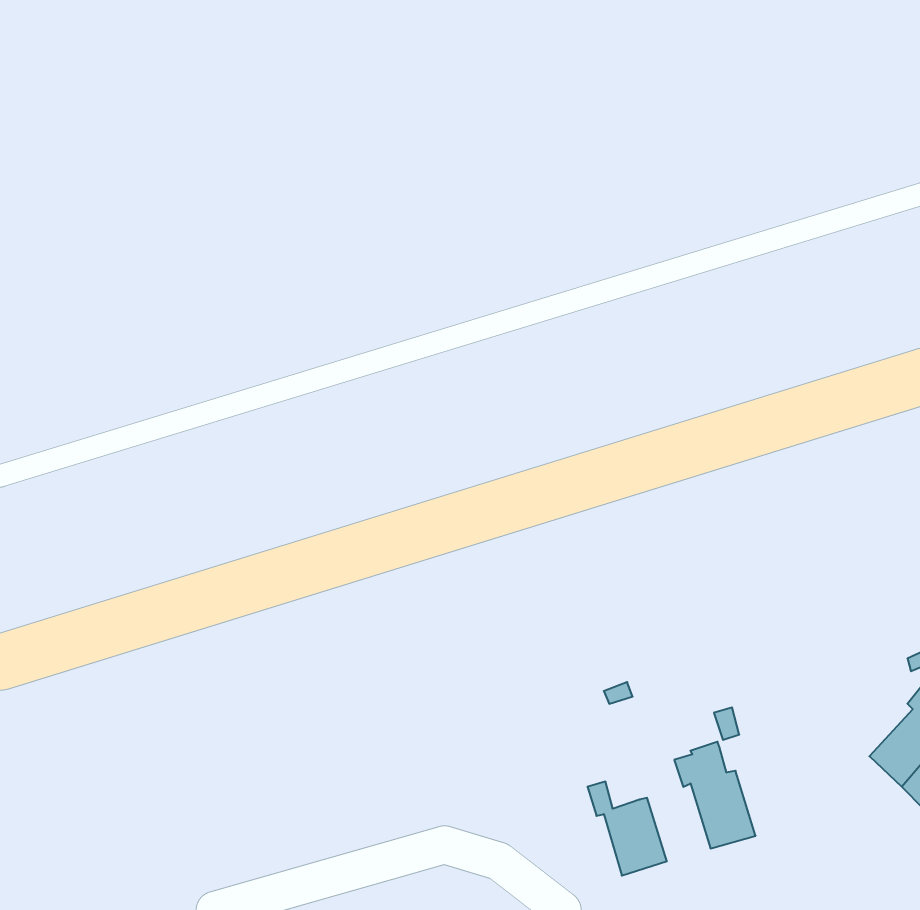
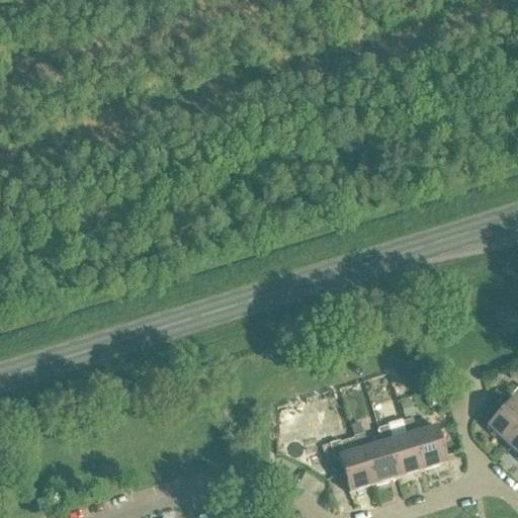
building: none -> [405,415,449,467]
building: none -> [355,429,400,482]

